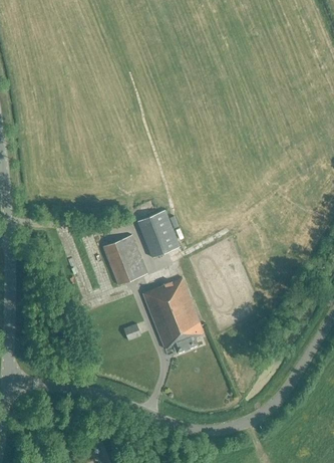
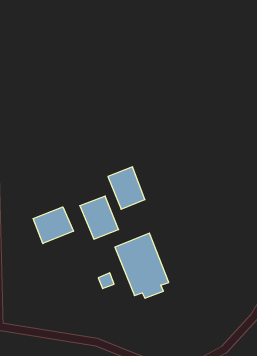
building: none -> [33,207,73,244]

